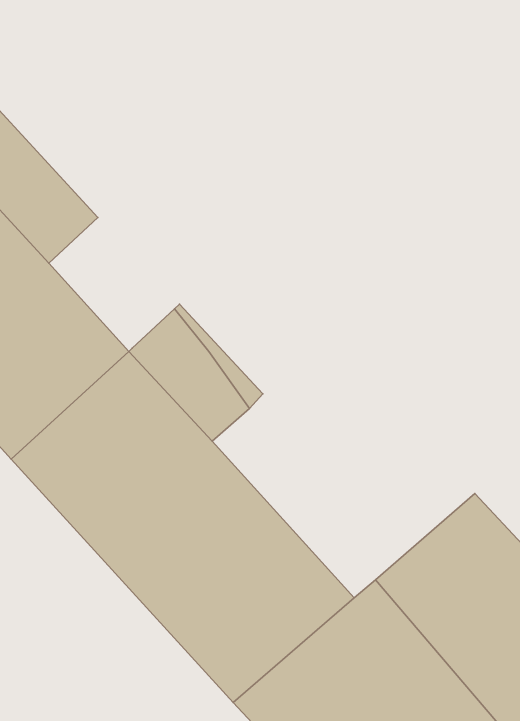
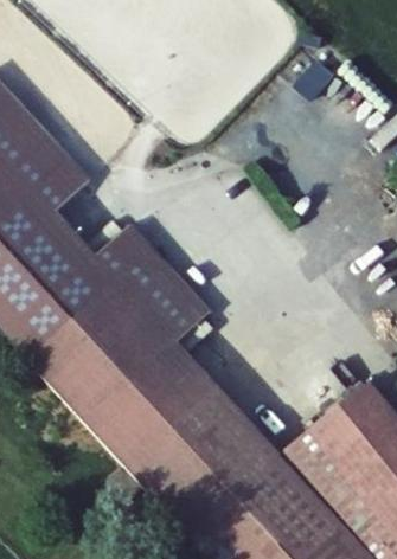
building: none -> [92,223,147,276]

